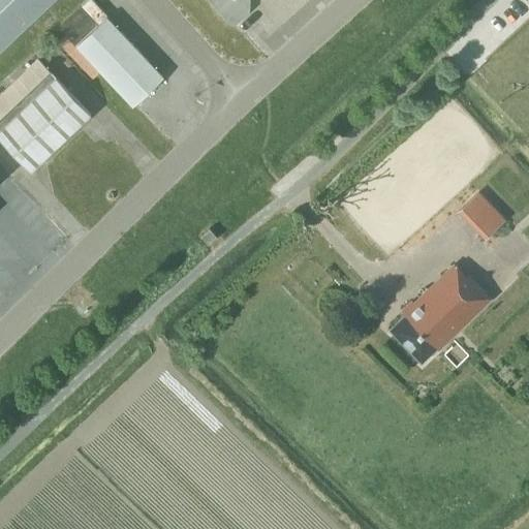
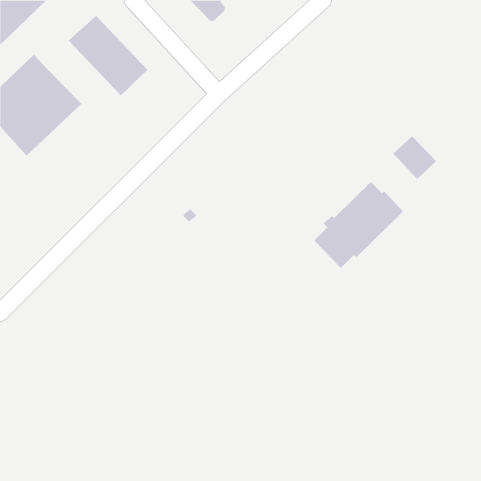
building: [456,191,504,240] -> [393,136,437,180]
building: [391,266,490,362] -> [313,181,404,269]

